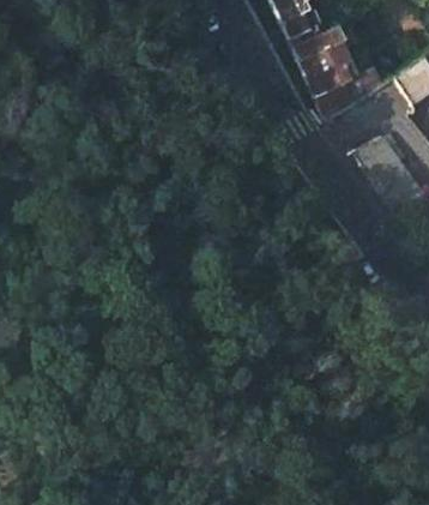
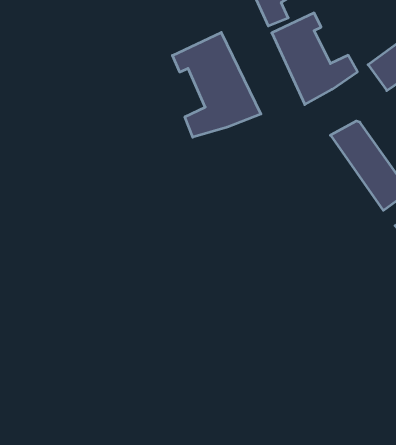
building: none -> [172,32,261,137]

